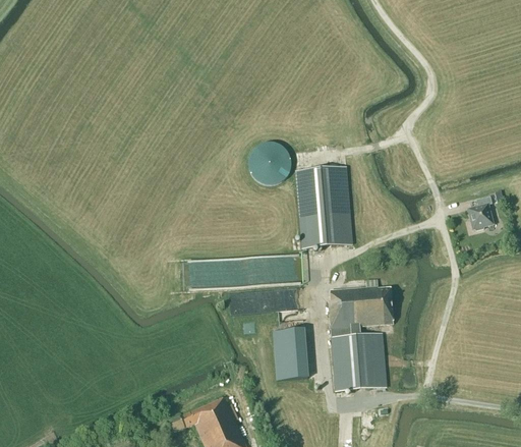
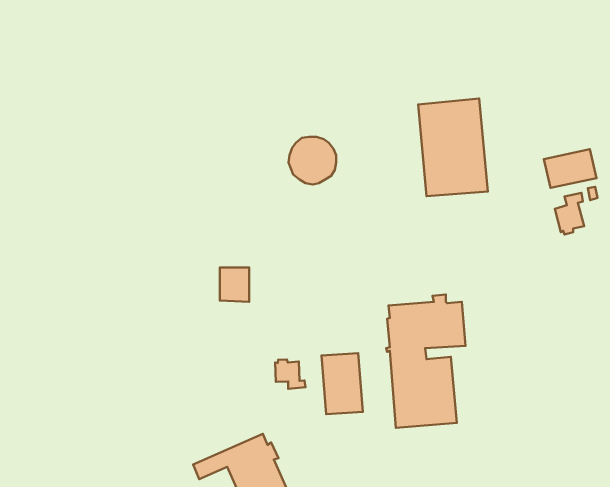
building: none -> [544,149,597,188]
building: [295,166,353,247] -> [418,98,488,196]
building: none -> [275,360,306,389]

